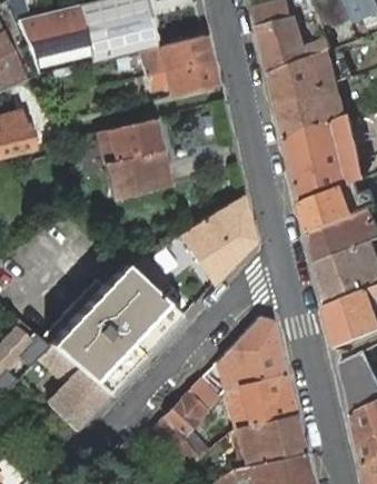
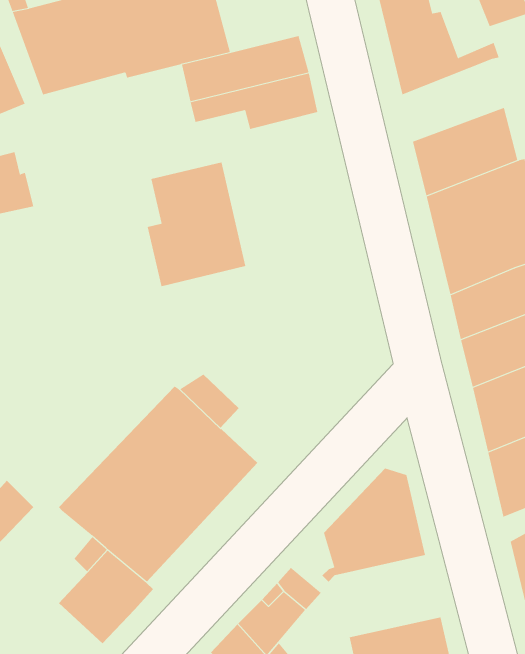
building: [268,50,335,103] -> none
building: [177,194,251,283] -> none
building: [225,373,294,426] -> none

